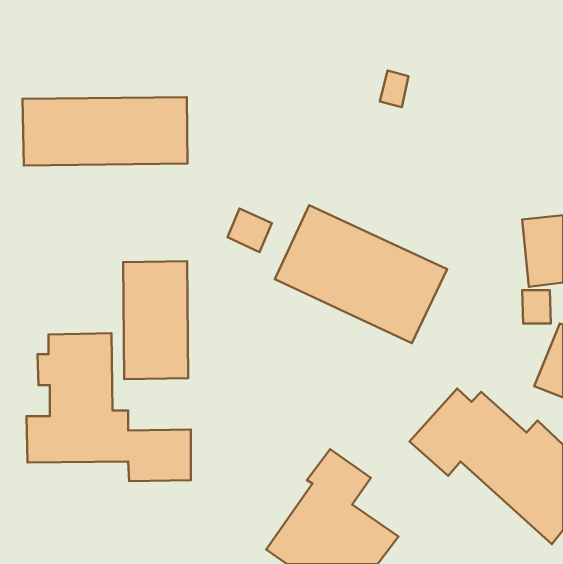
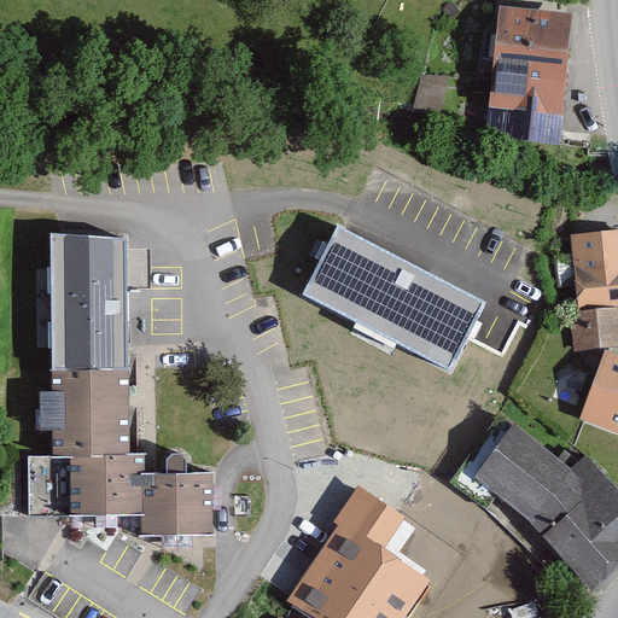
building: none -> [490,6,567,139]
building: [22,97,187,165] -> none
building: [227,208,272,252] -> none
building: [123,261,188,379] -> [52,231,123,360]

